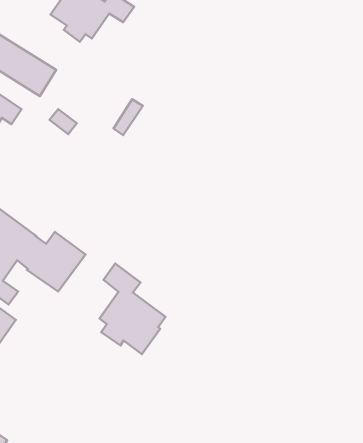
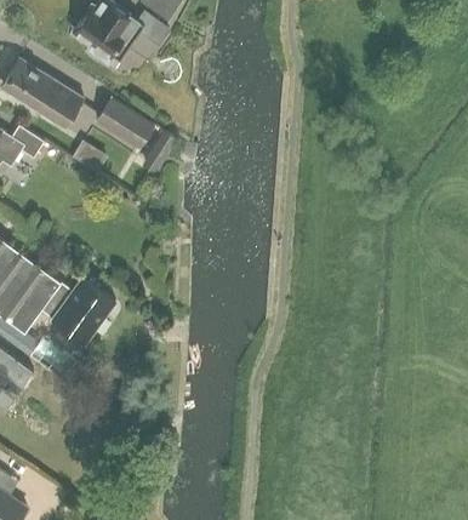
building: none -> [97,95,156,147]
building: [99,263,166,354] -> none

